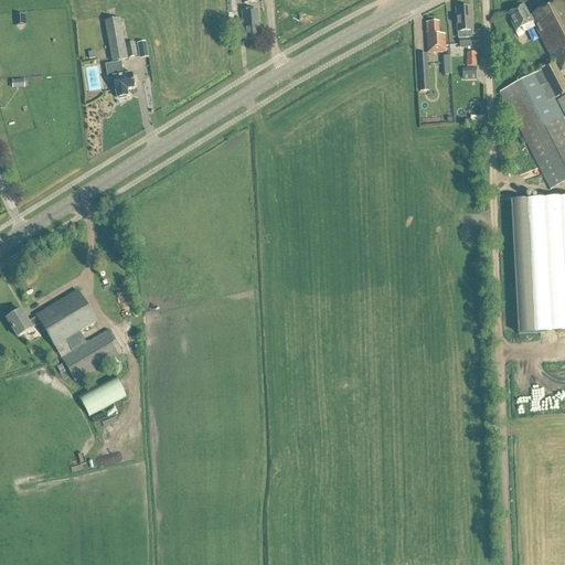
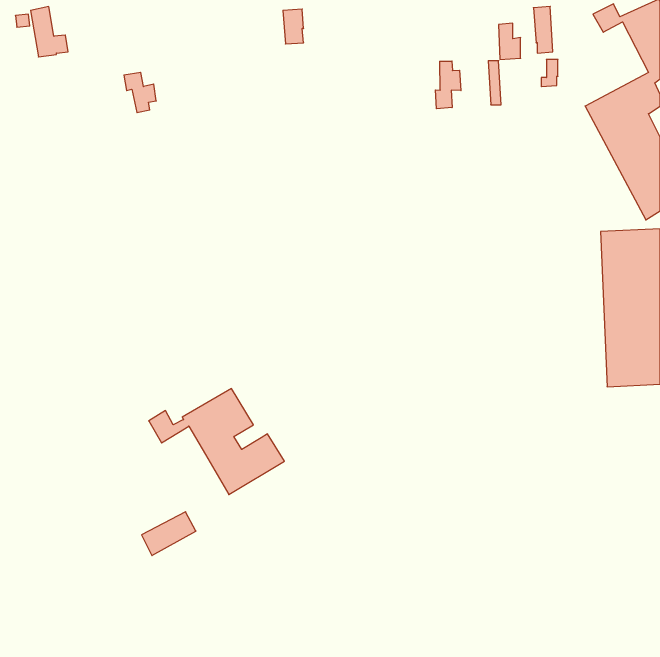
building: [105,17,137,60] -> [31,7,68,57]
building: none -> [435,61,461,109]
building: [7,289,122,380] -> [149,389,284,495]
building: [83,374,129,412] -> [142,512,196,556]

